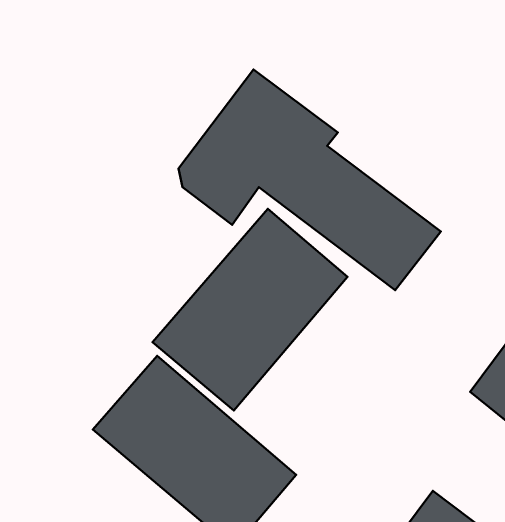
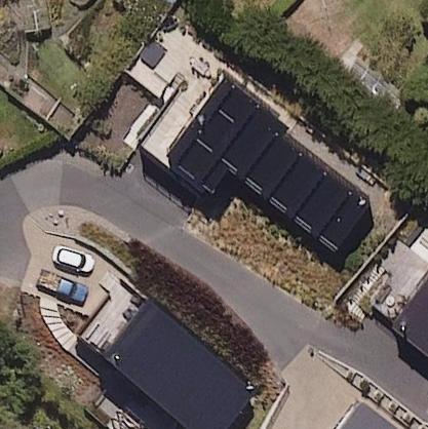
building: [153,209,348,410] -> none

